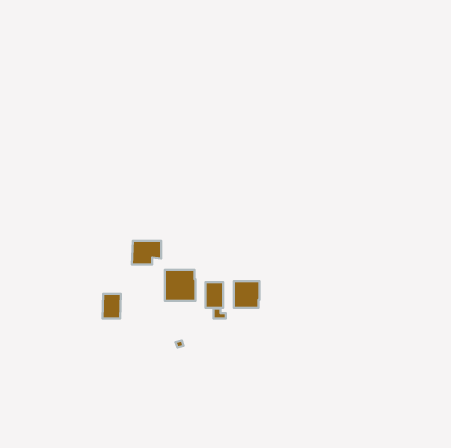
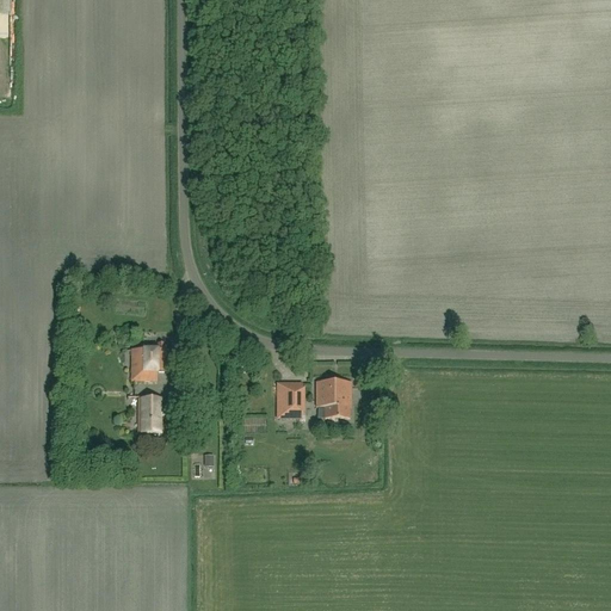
building: [132,241,161,265] -> [130,347,169,379]
building: [165,270,195,301] -> none

